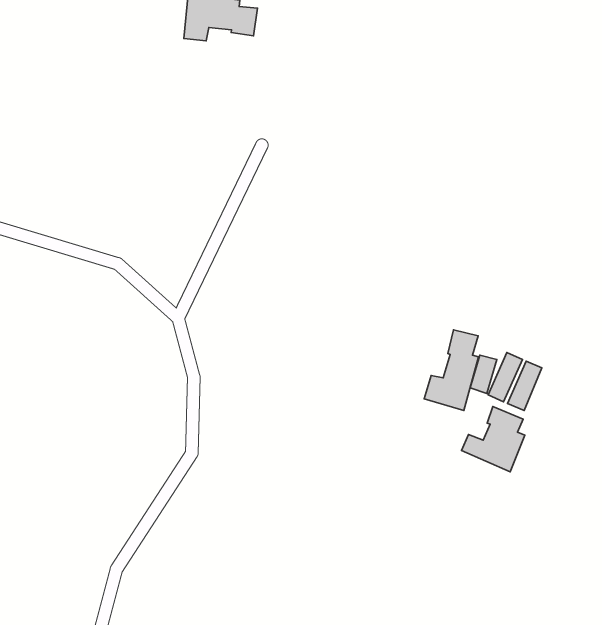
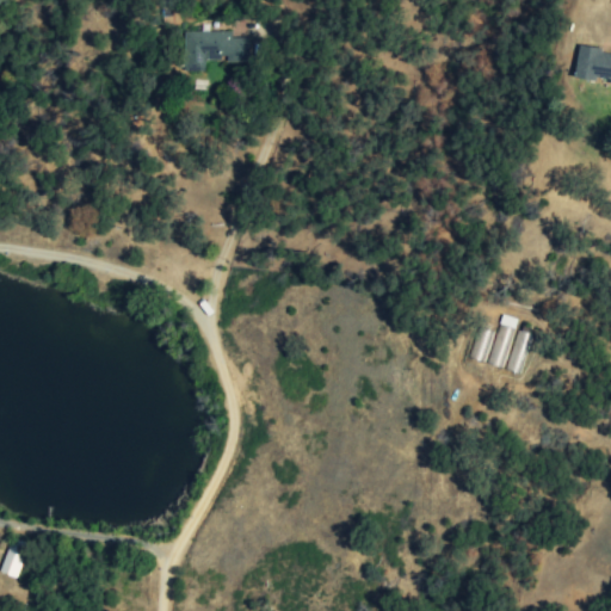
building: [424,330,479,411] -> none
building: [461,407,525,472] -> none

